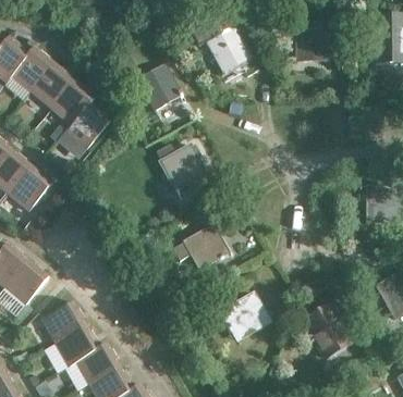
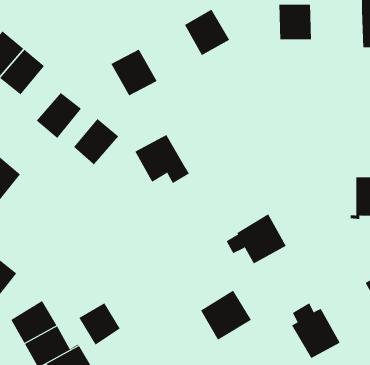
building: [51,82,95,133] -> [73,118,119,172]
building: [174,224,232,272] -> [226,213,287,264]
building: none -> [78,299,120,346]

